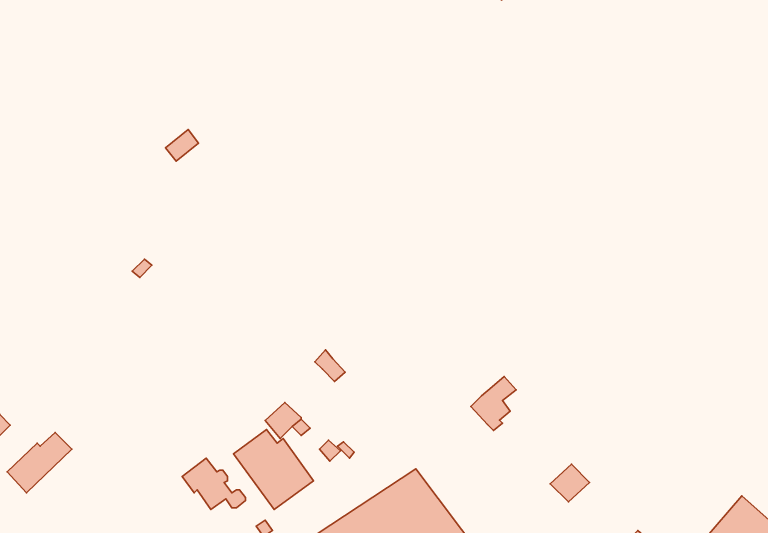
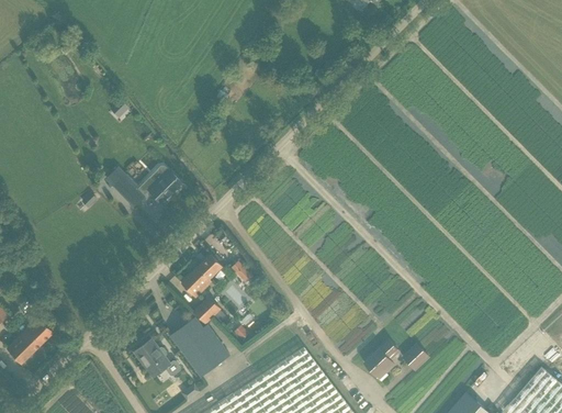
building: none -> [149,166,182,205]
building: none -> [105,167,145,206]
building: none -> [181,255,223,299]
building: [471,376,516,431] -> [364,342,397,381]

